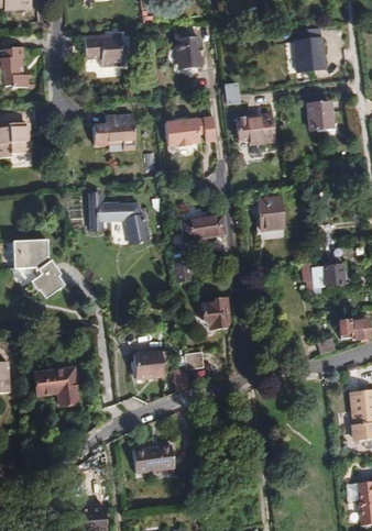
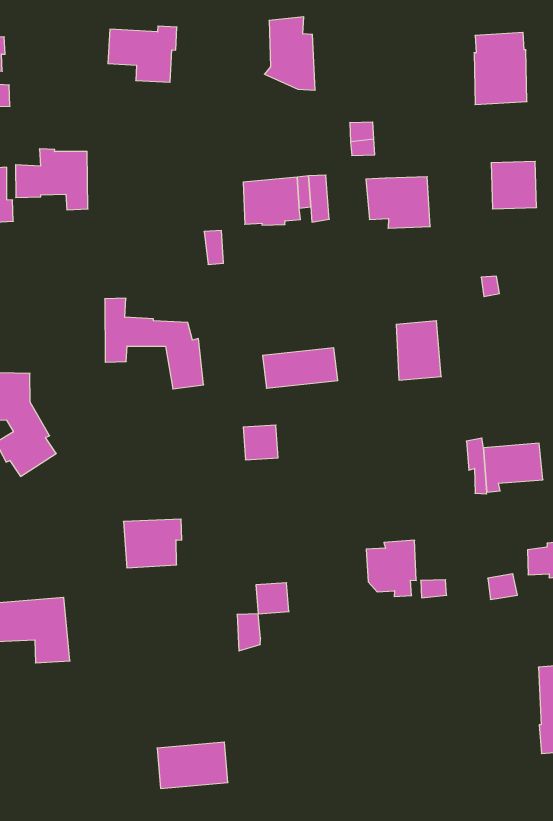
building: [91,115,134,150] -> [16,149,88,210]
building: [200,296,230,329] -> [366,540,416,597]
building: [132,350,166,379] -> [123,519,182,568]

